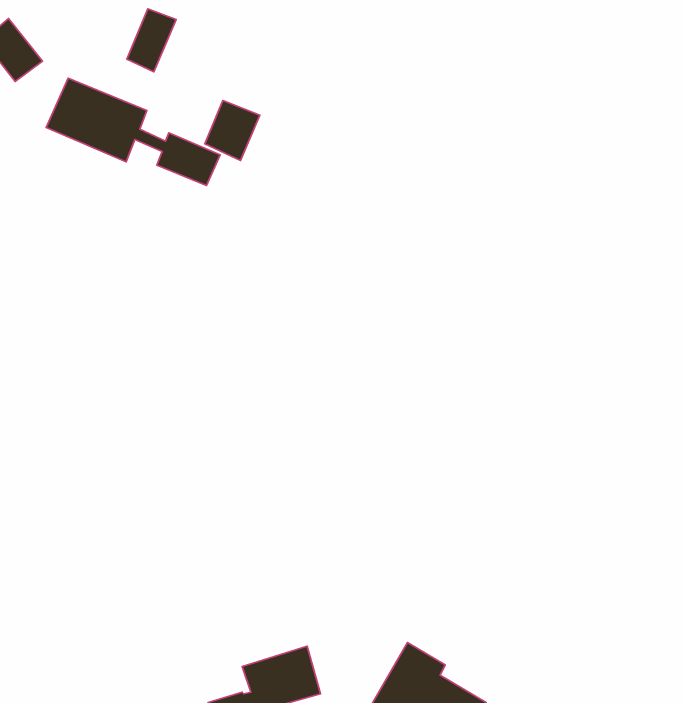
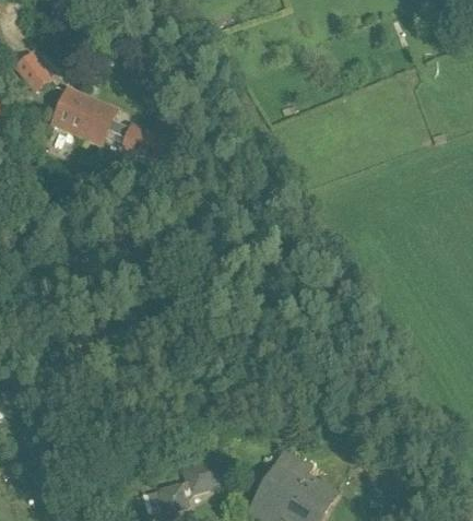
building: [127,9,176,72] -> none
building: [205,100,260,160] -> none

